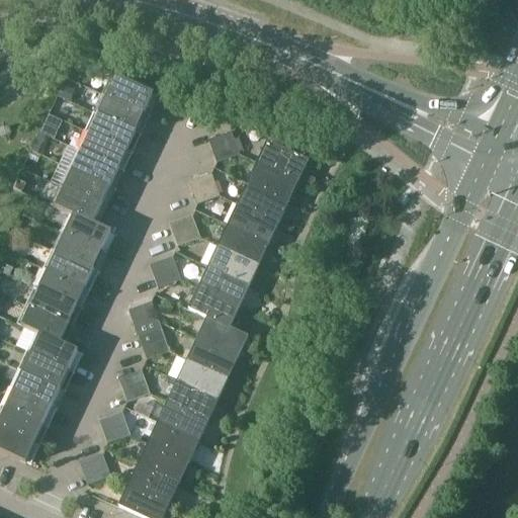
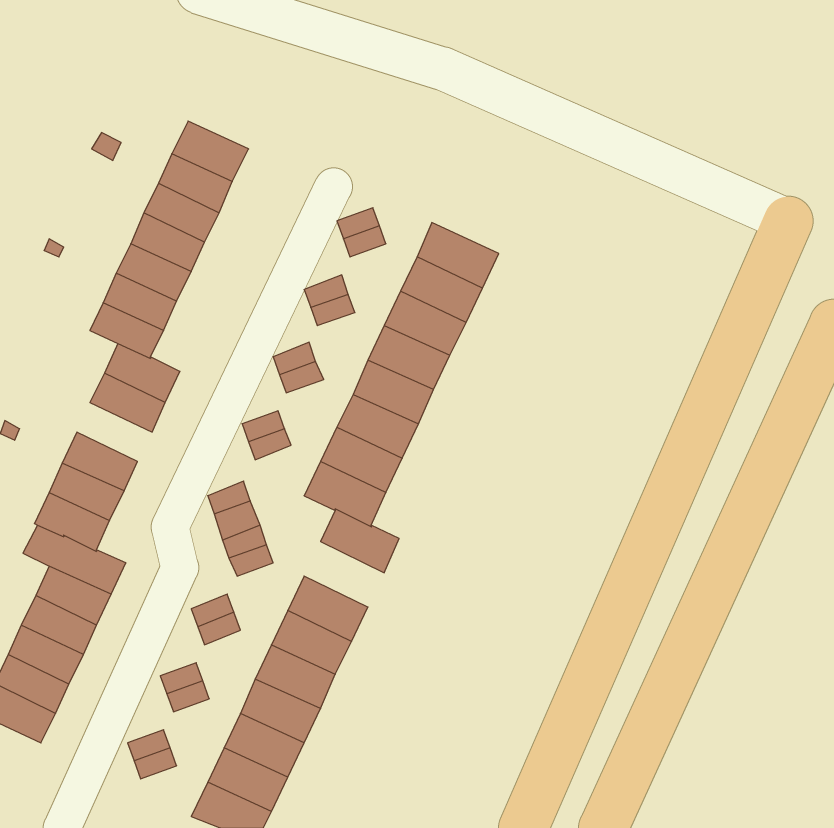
building: [48,249,94,285] -> none
building: [188,335,238,375] -> none

